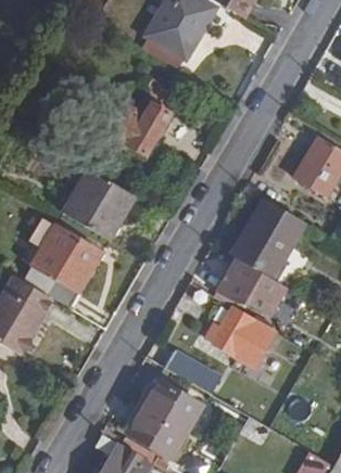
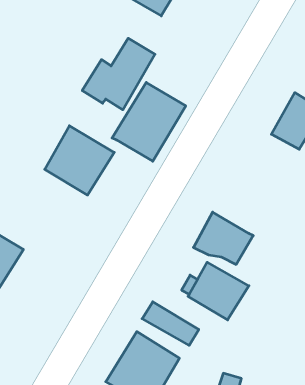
building: [232,200,307,280] -> [112,82,186,161]
building: [31,226,100,308] -> none

